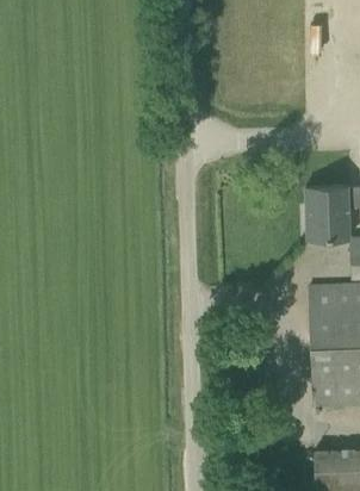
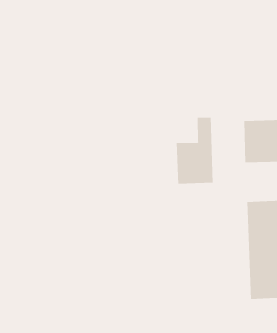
building: none -> [176,117,213,185]

